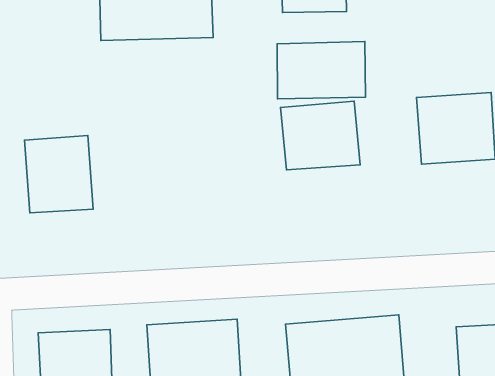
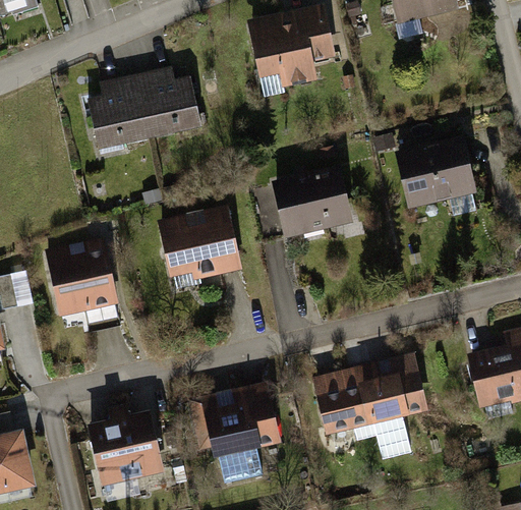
building: [277,41,366,99] -> none
building: none -> [159,207,244,285]

